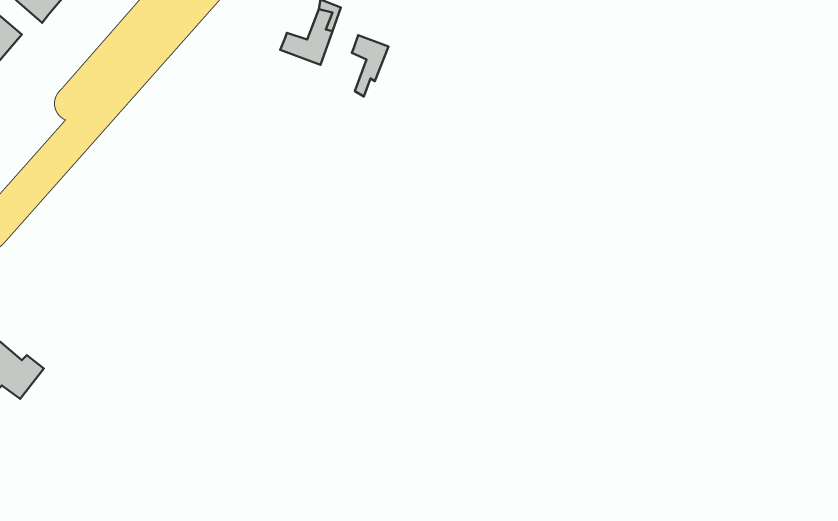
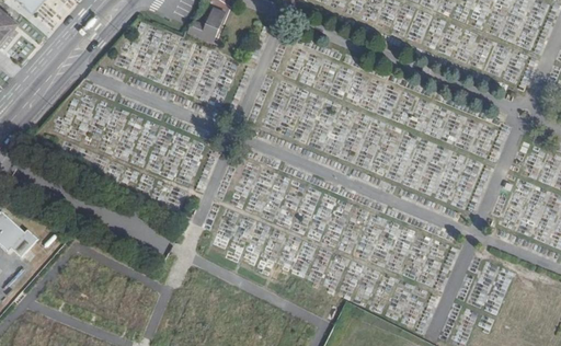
building: [352,35,389,96] -> none

